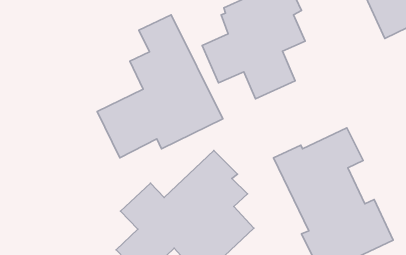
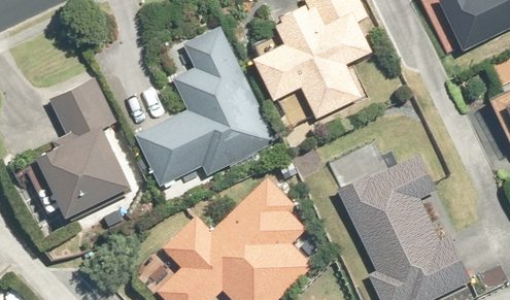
building: none -> [28,80,130,218]

